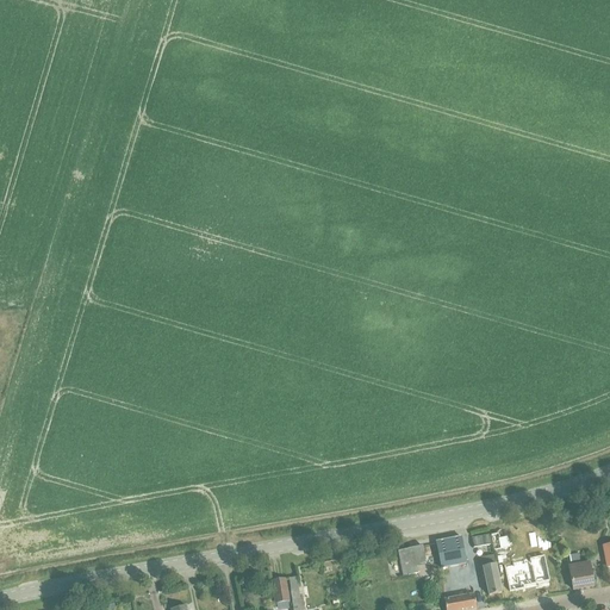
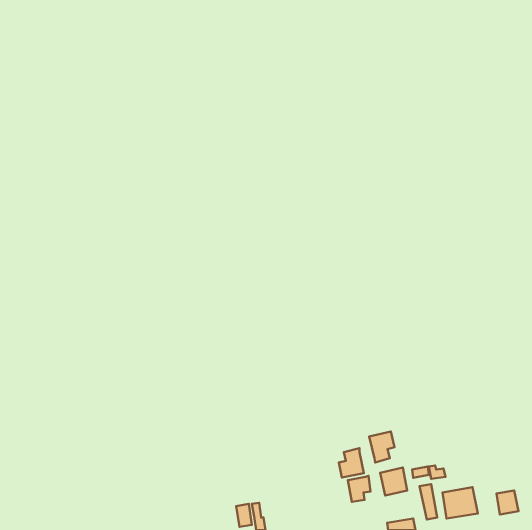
building: none -> [369,432,395,463]
building: none -> [339,448,364,477]

